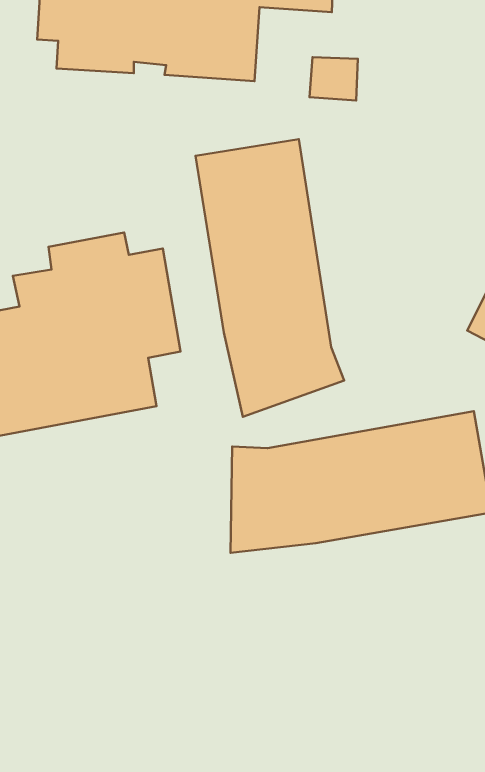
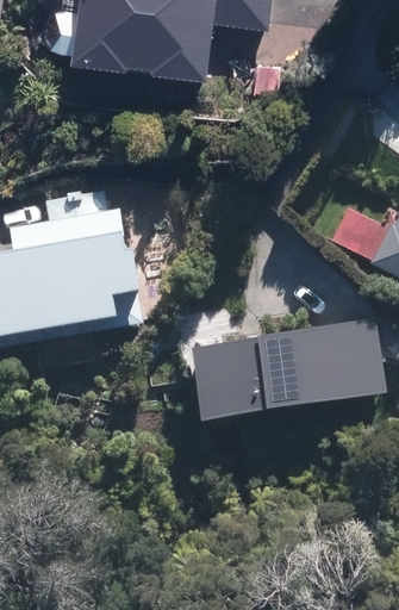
building: [196,139,344,417] -> none

